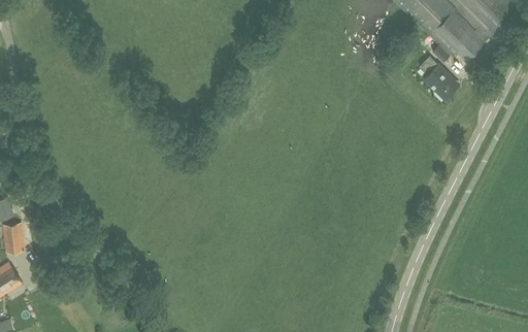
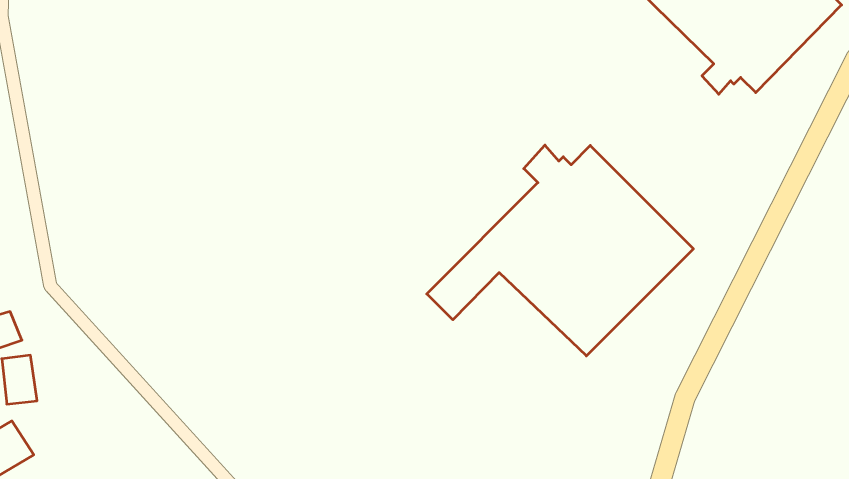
building: [420,55,456,98] -> none
building: none -> [427,145,693,356]

